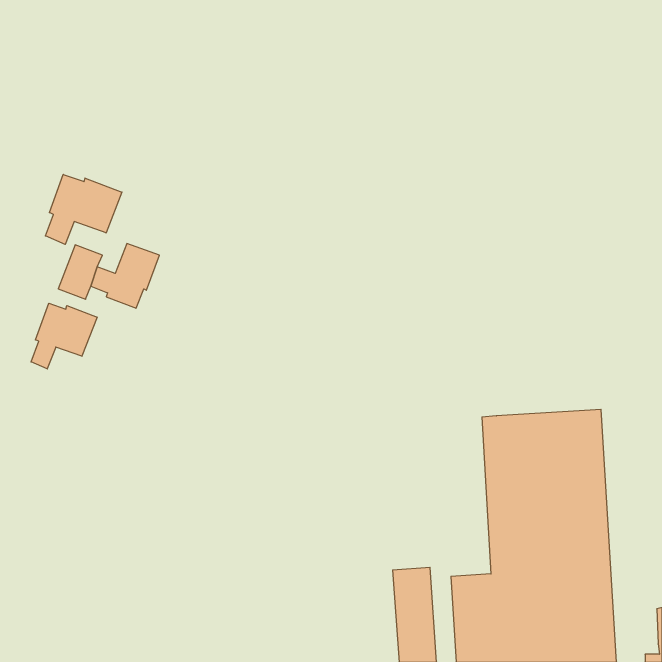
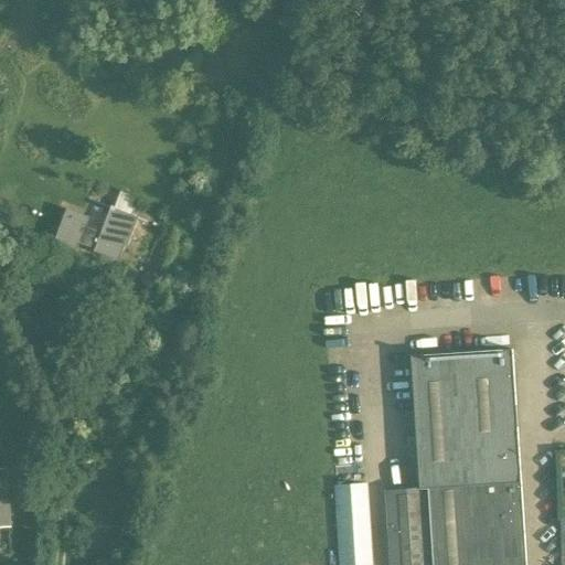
building: [45,174,122,244] -> none
building: [31,303,97,369] -> none

